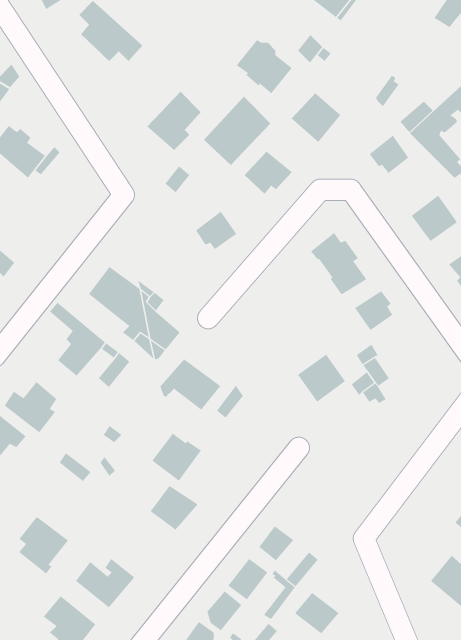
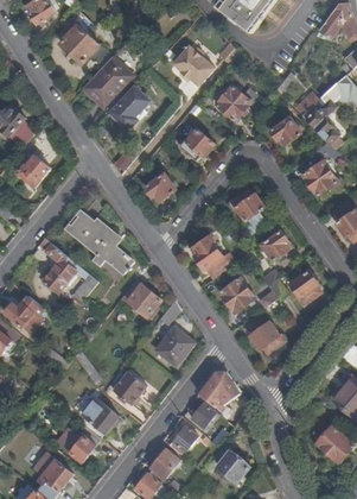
building: [203,96,271,166] -> [82,55,132,106]
building: none -> [14,156,49,188]
building: none -> [189,233,234,277]
building: none -> [289,270,320,304]
building: none -> [249,321,283,353]
building: [151,433,202,481] -> [155,328,192,364]
building: none -> [197,369,240,410]
building: [19,516,69,575] -> [81,398,117,441]

